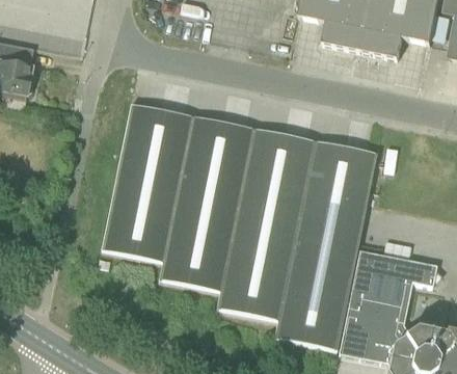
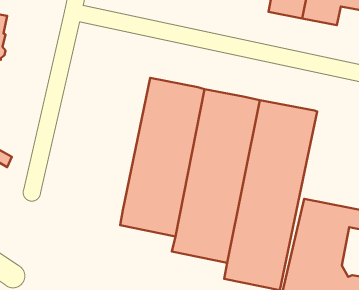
building: [102,103,193,262] -> none

